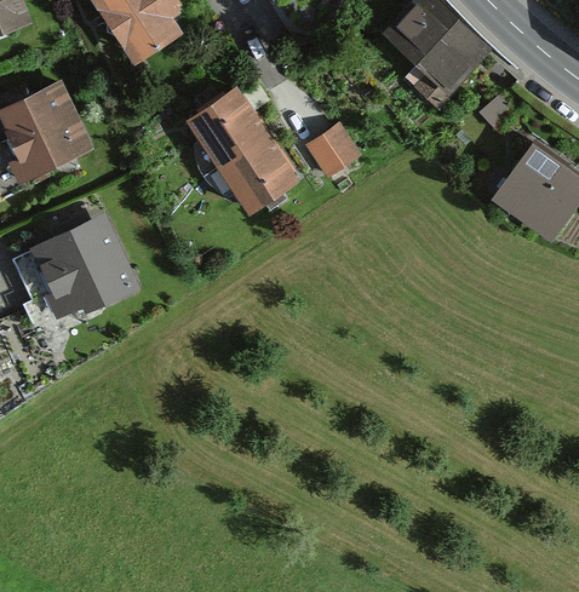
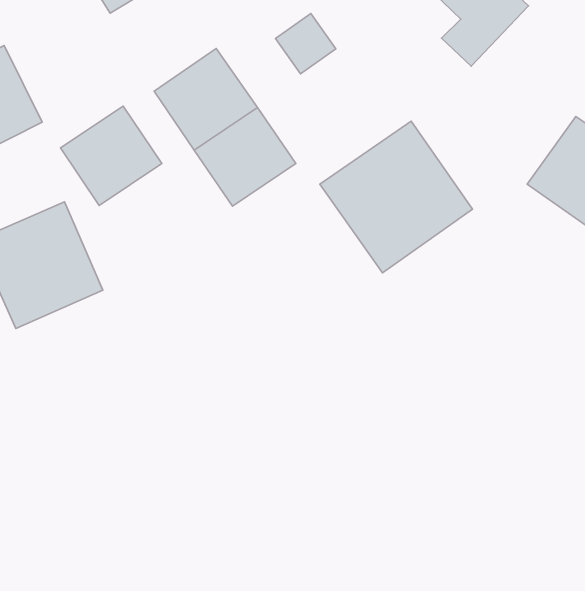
building: [308,123,357,173] -> [275,13,336,74]
building: none -> [60,106,162,205]
building: none -> [320,121,473,273]

